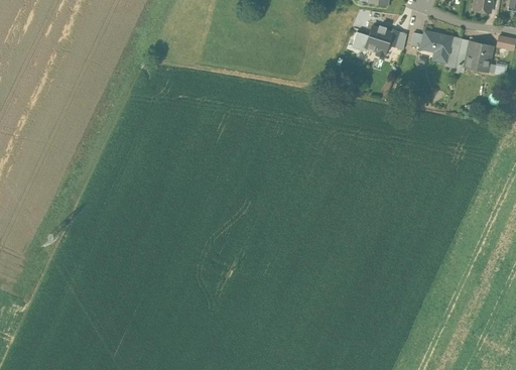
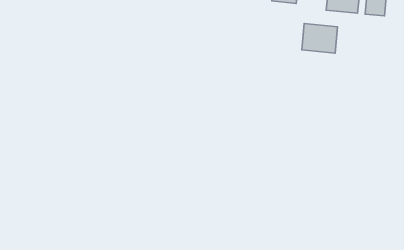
building: none -> [302,23,338,53]

